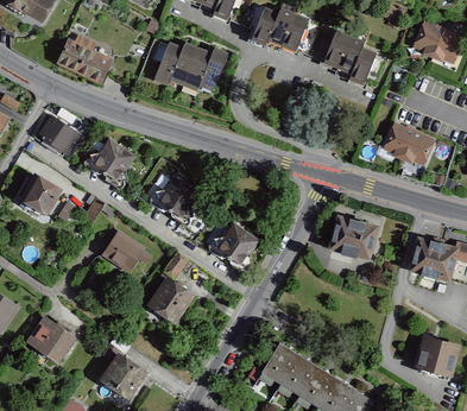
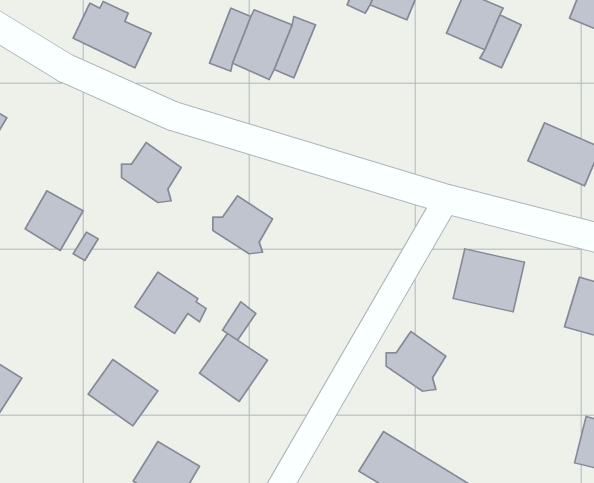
building: [36,114,83,158] -> none
building: [214,222,257,265] -> [386,331,446,391]
building: [25,316,75,363] -> [88,359,158,426]

